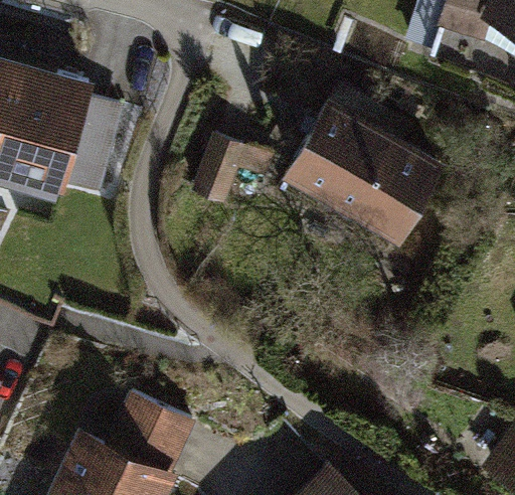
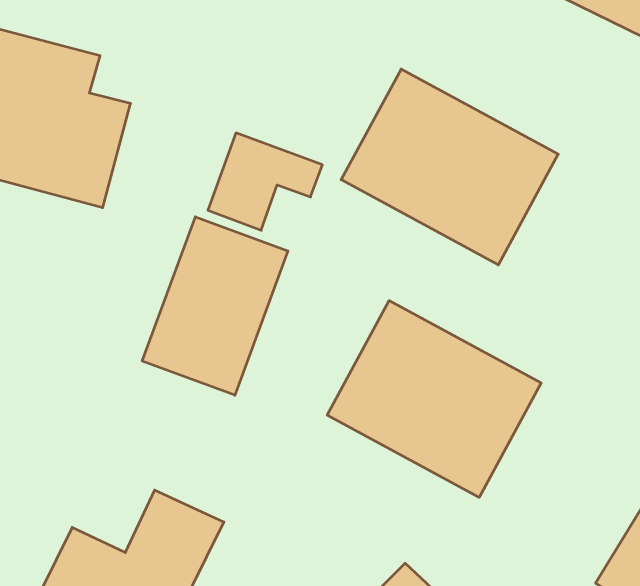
building: none -> [142,217,288,395]
building: none -> [327,301,541,497]

